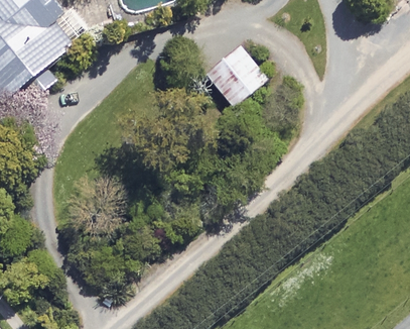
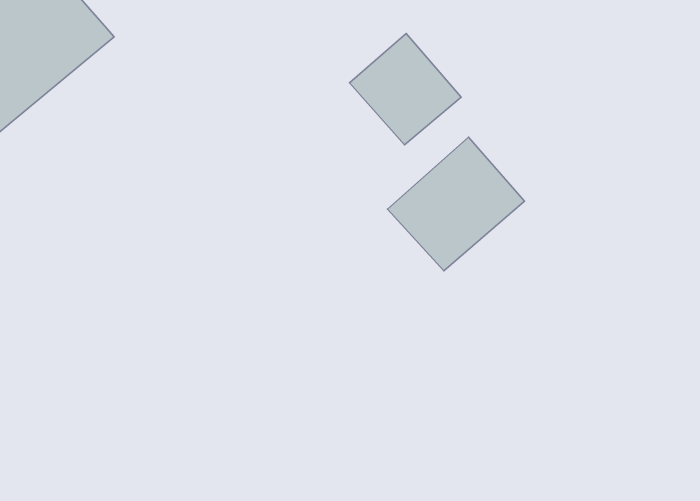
building: none -> [387,137,524,271]

